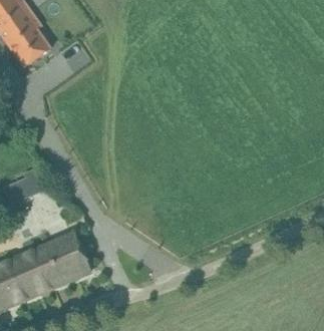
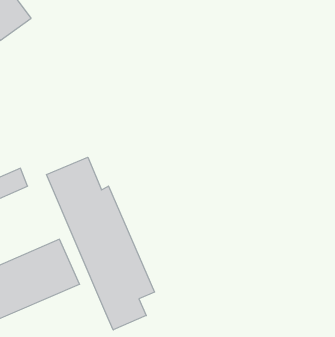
building: none -> [46,157,154,330]

